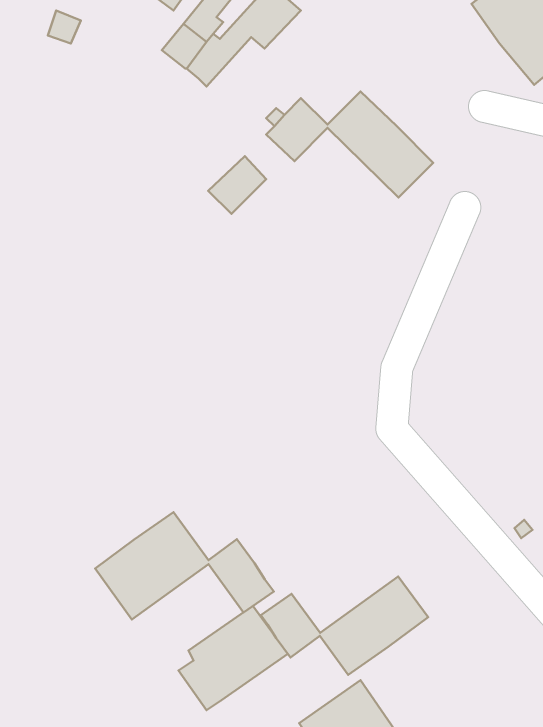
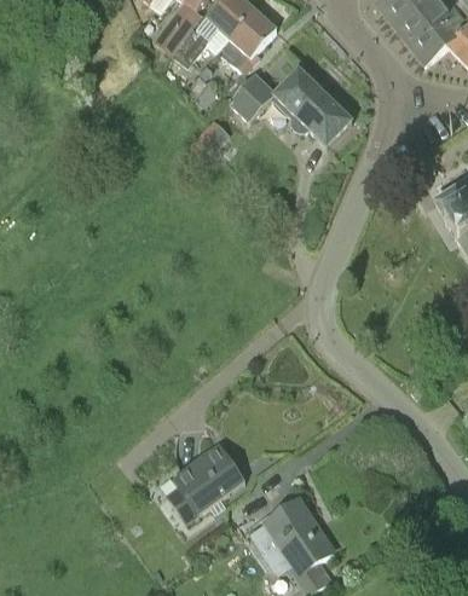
building: none -> [229,10,277,73]
building: [95,512,274,619] -> none
building: [261,576,428,675] -> none

